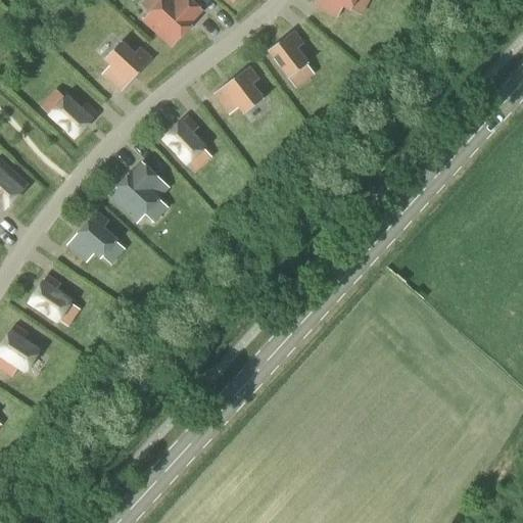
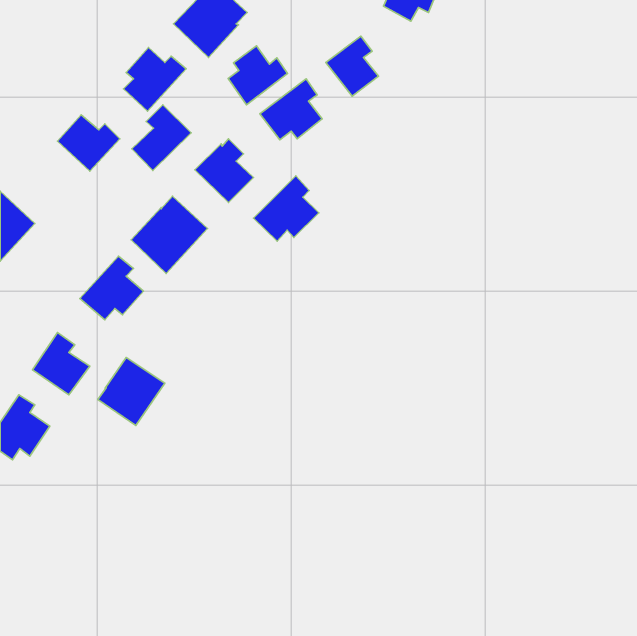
building: none -> [228,46,288,105]
building: none -> [132,105,191,170]
building: none -> [253,176,319,241]
building: none -> [98,358,165,425]

